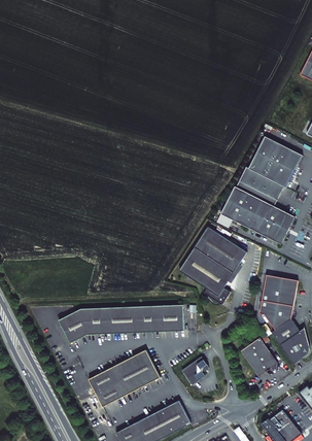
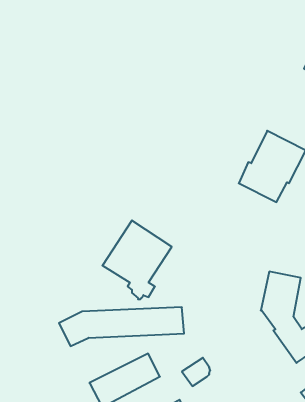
building: [221,185,296,243] -> none
building: [179,226,247,303] -> [102,220,172,299]
building: [240,337,278,376] -> none

